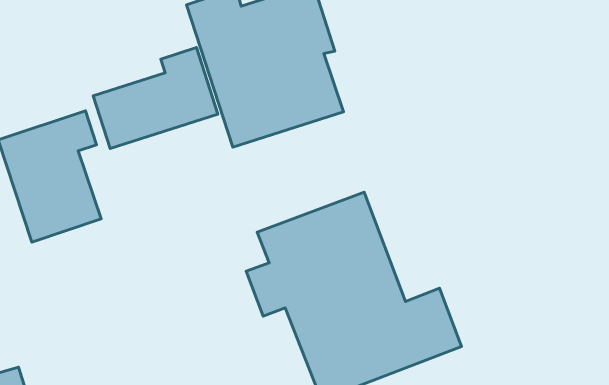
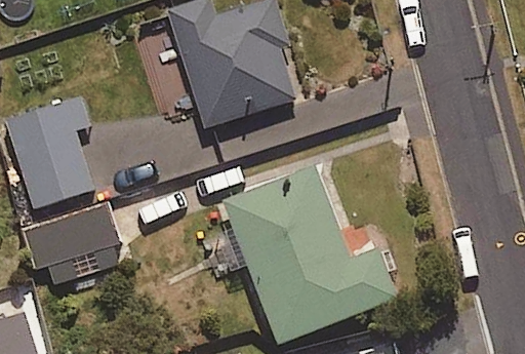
building: [93,47,218,149] -> none
building: none -> [22,203,124,298]

